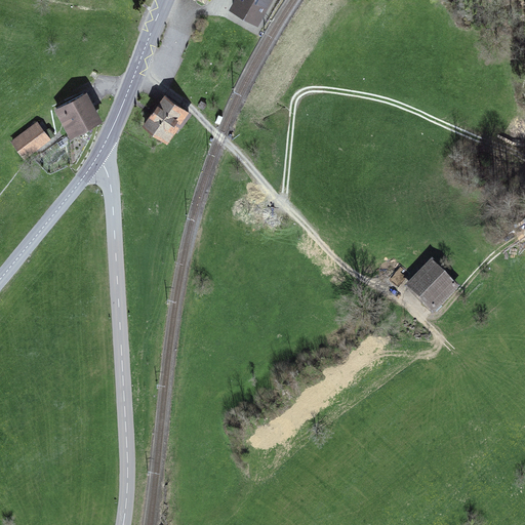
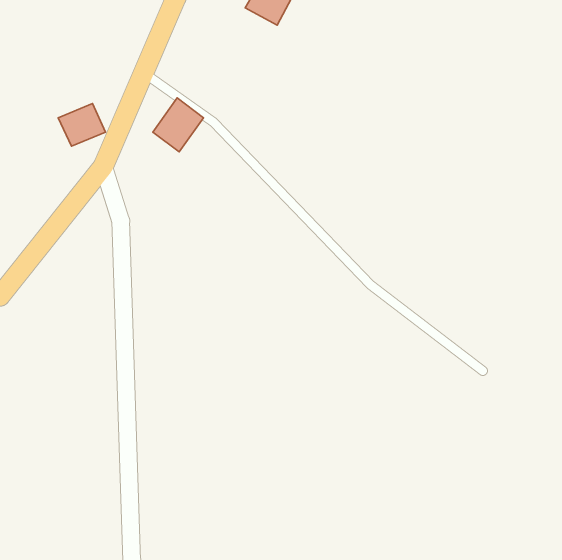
building: [13,123,50,157] -> none
building: [407,260,455,309] -> none

